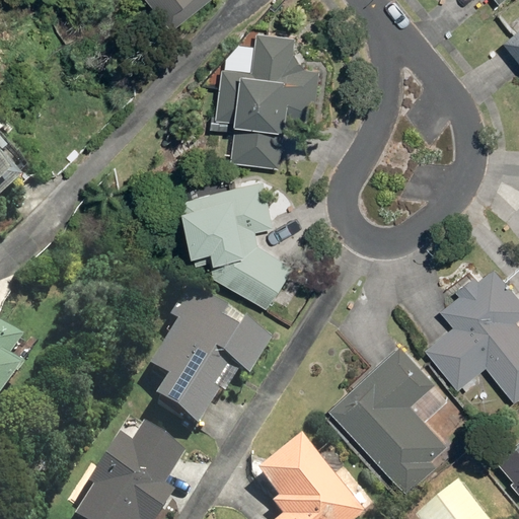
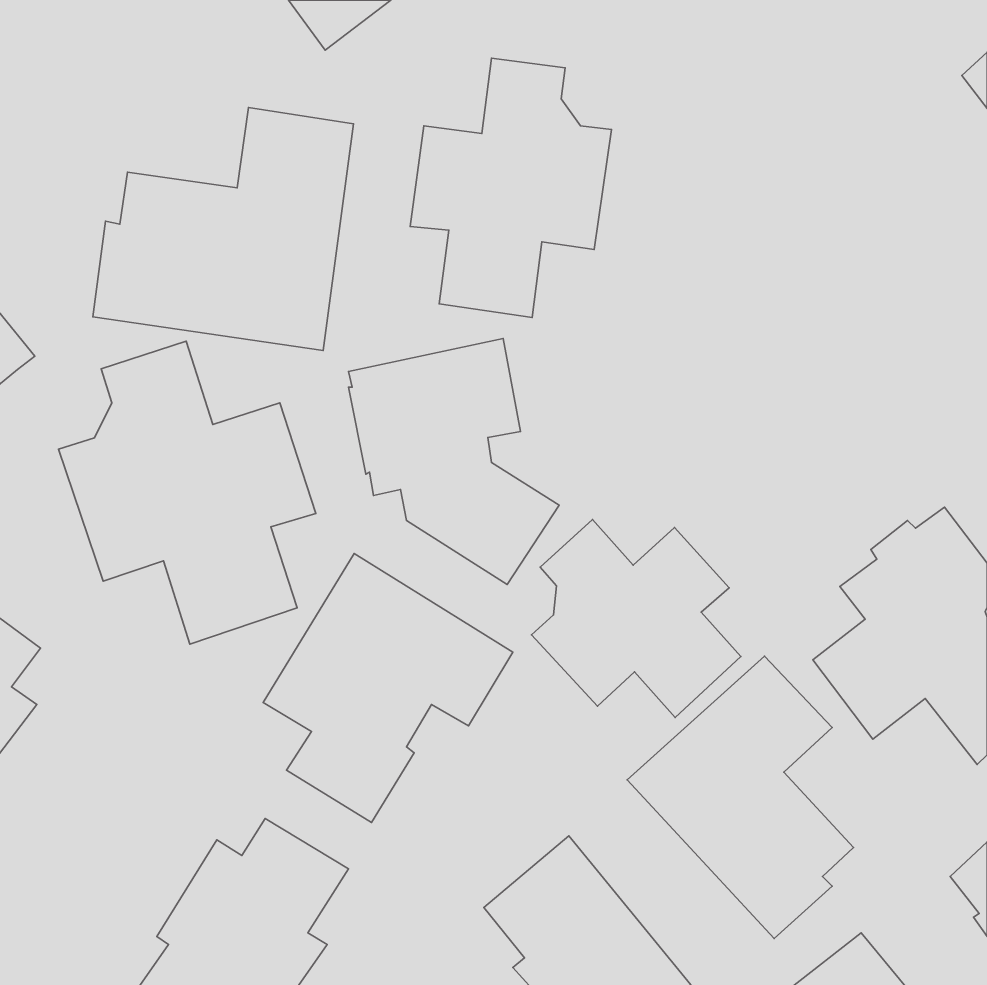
building: none -> [93,107,353,350]
building: none -> [59,341,316,644]
building: none -> [531,520,741,717]

